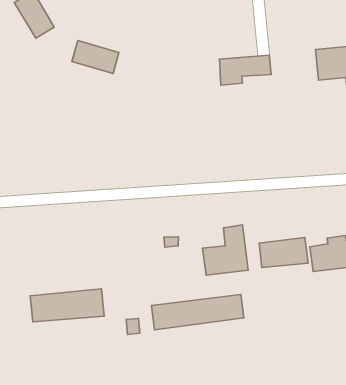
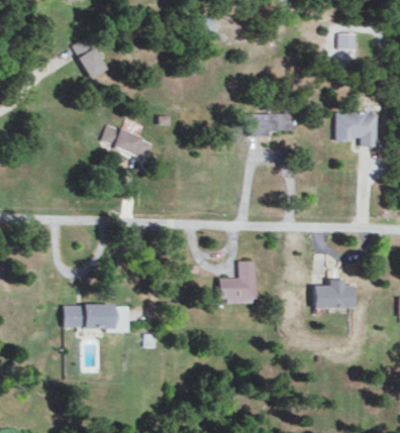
building: [72,40,119,74] -> [101,124,143,156]
building: [259,237,308,268] -> none
building: [152,294,244,330] -> none

